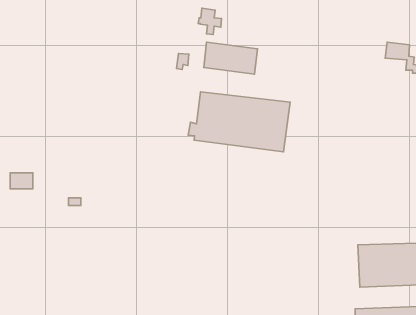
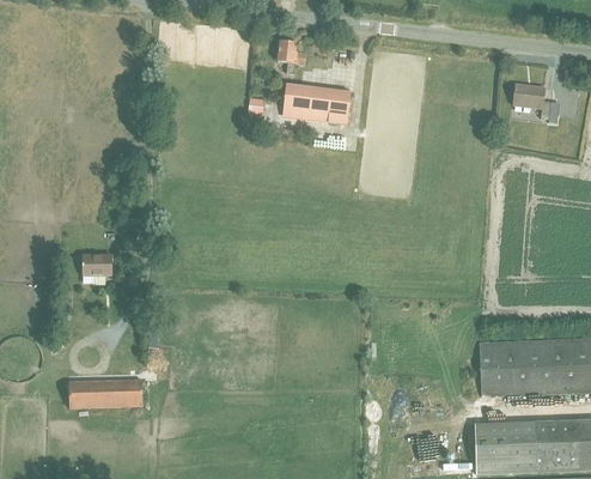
building: [188,92,290,152] -> none
building: [10,173,33,189] -> [83,254,111,274]
building: none -> [68,378,142,407]

